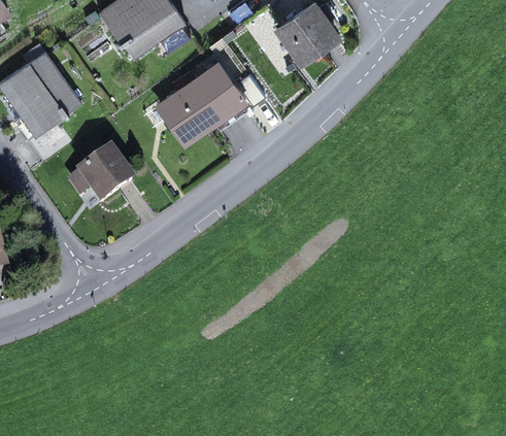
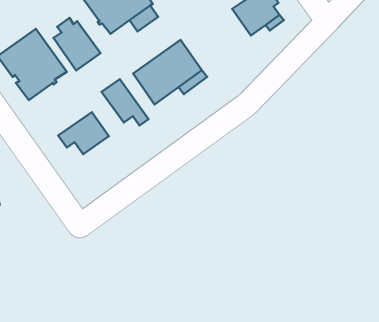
building: none -> [54,18,101,70]
building: none -> [102,79,149,125]

